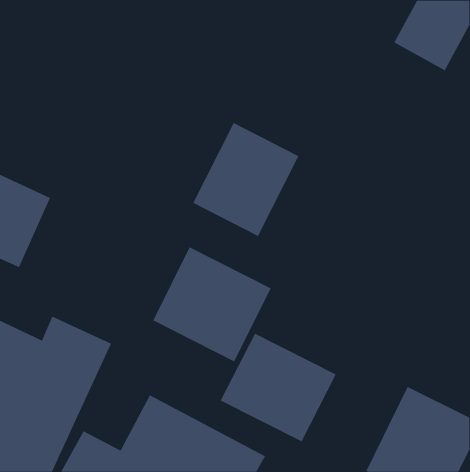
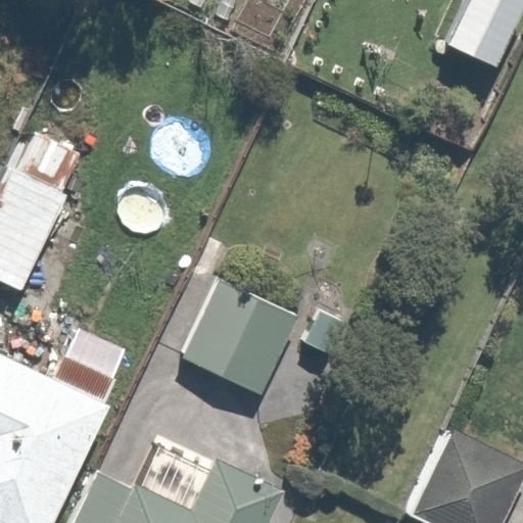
building: [192,122,299,237] -> none
building: [220,333,337,442] -> none

